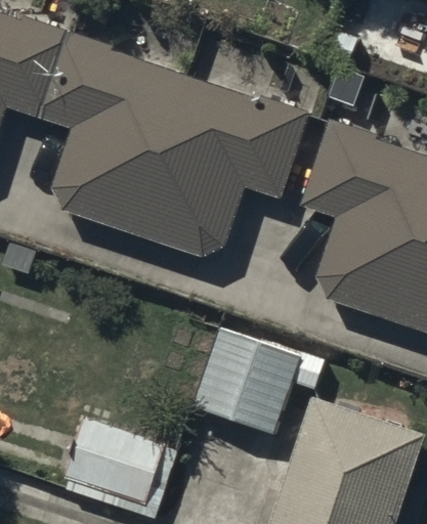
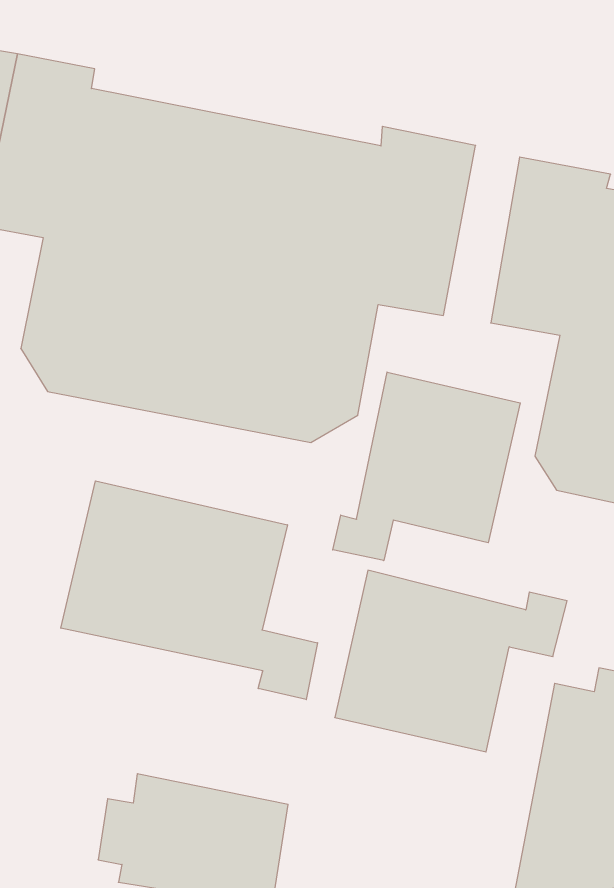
building: none -> [333,372,520,561]
building: none -> [61,481,318,700]

